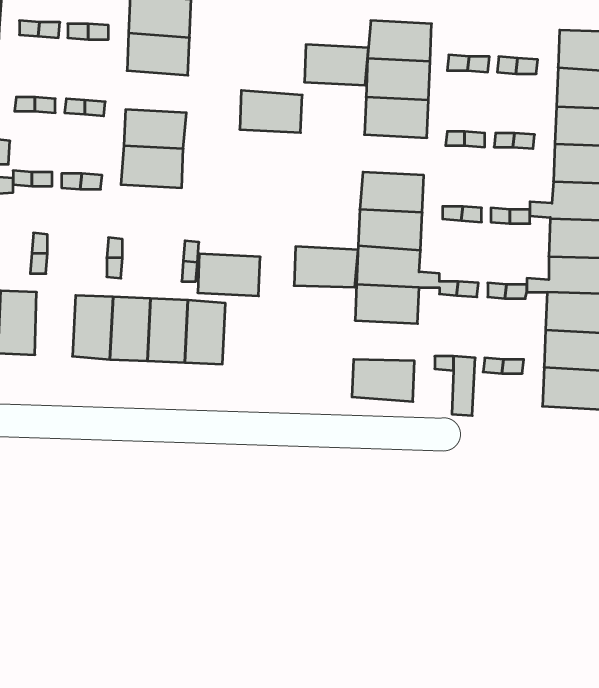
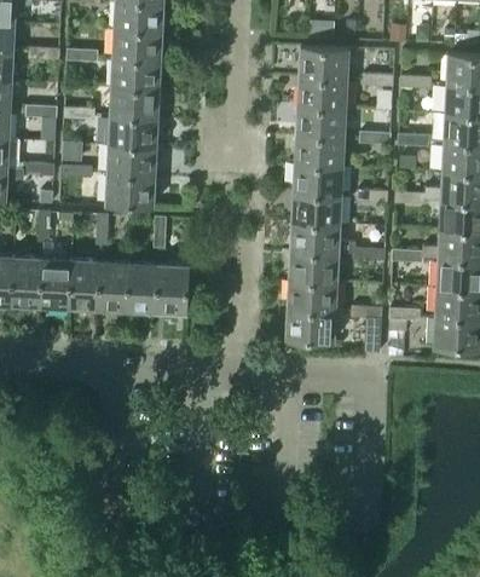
building: [304,45,368,85] -> [295,135,345,167]
building: [240,90,302,133] -> [111,86,160,119]
building: [294,247,358,287] -> [288,279,337,311]
building: [198,254,260,296] -> [106,174,155,207]
building: none -> [41,258,73,307]

